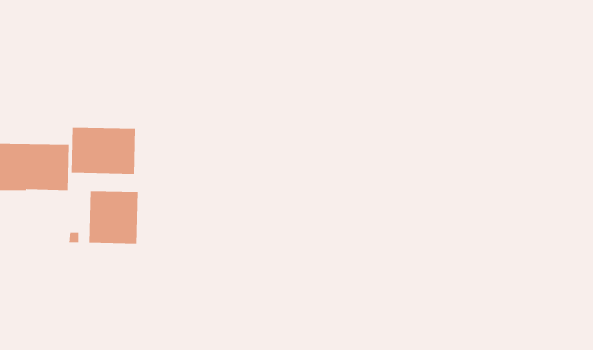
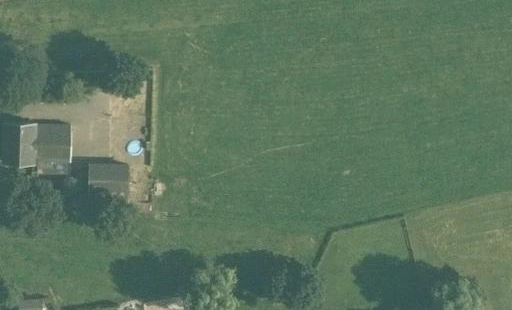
building: [71,127,136,175] -> none

